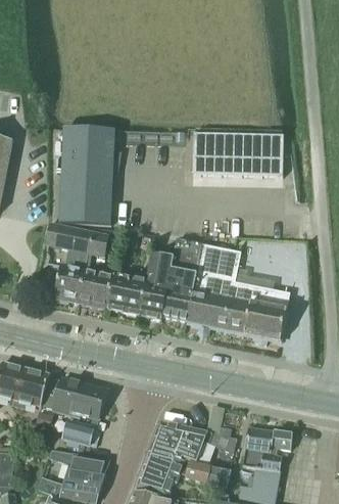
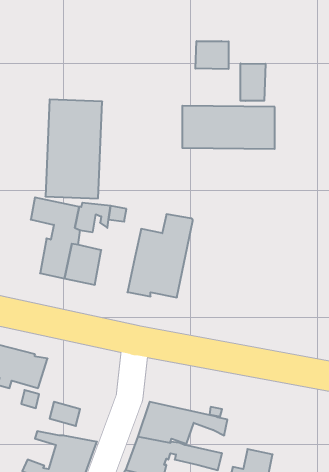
building: none -> [195,41,229,69]
building: none -> [240,63,265,101]
building: [187,245,290,343] -> none
building: [107,274,146,315] -> none
building: [52,378,107,420] -> none
building: [243,427,292,472] -> none

